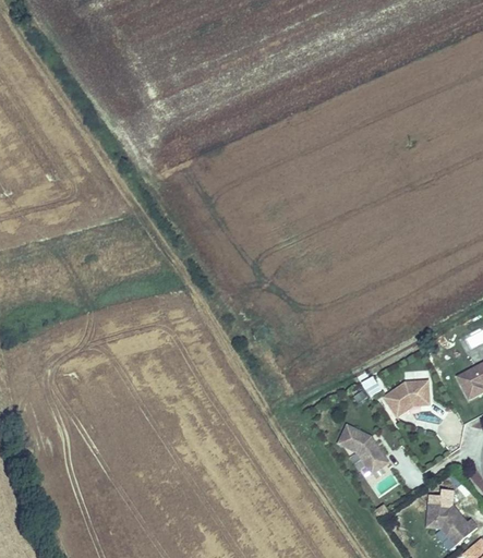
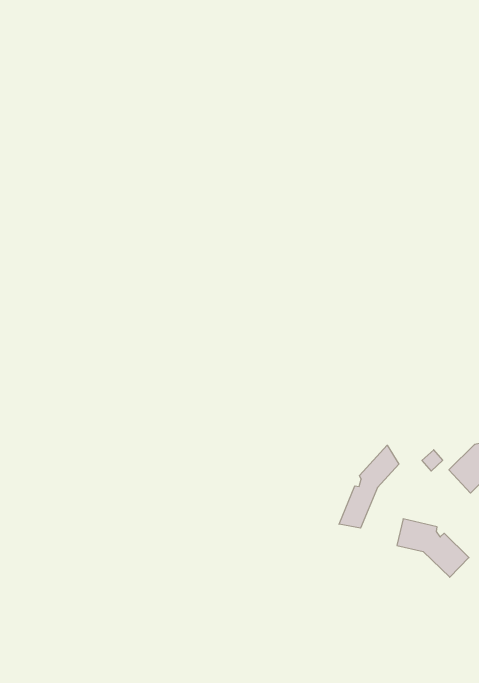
building: none -> [339,445,399,528]

